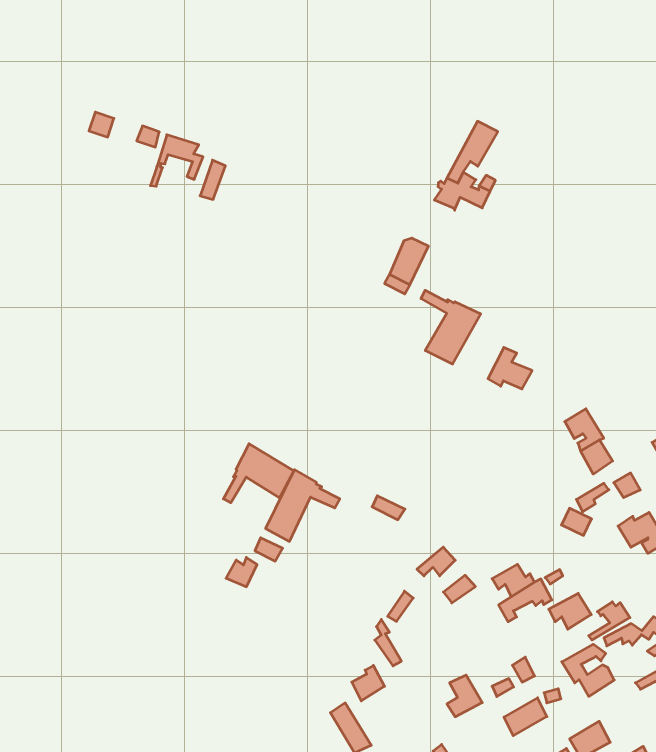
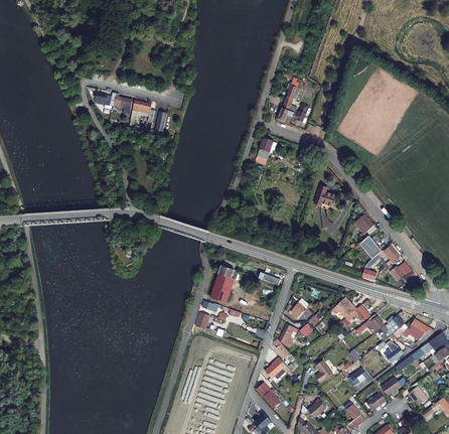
building: [421,290,481,364] -> none
building: [223,444,294,503] -> none

